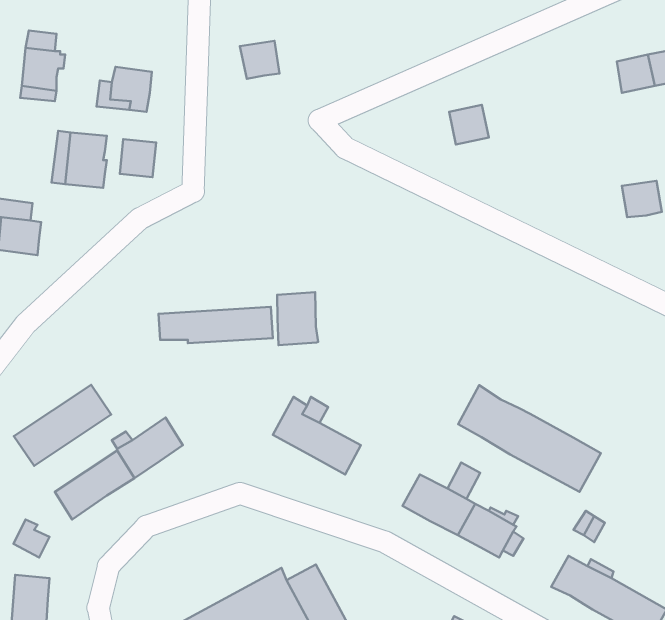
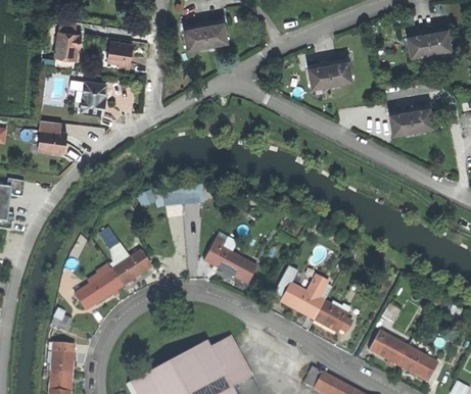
building: none -> [205,23,228,46]
building: none -> [328,60,351,84]
building: [120,139,156,177] -> none
building: none -> [391,112,414,134]
building: [277,292,318,345] -> none
building: [14,385,111,466] -> none
building: [458,385,601,492] -> none

